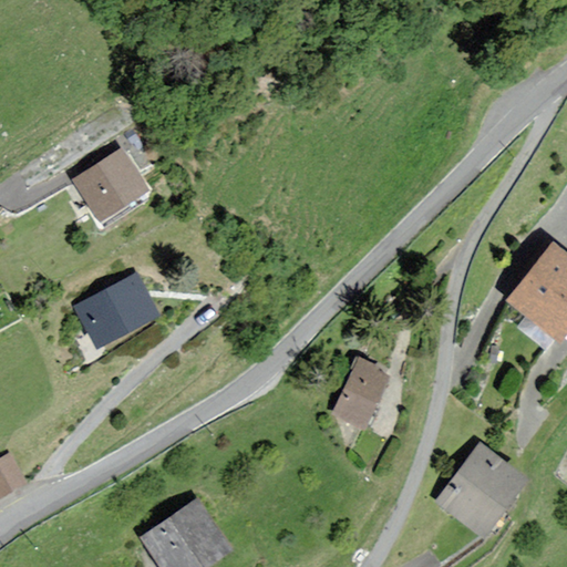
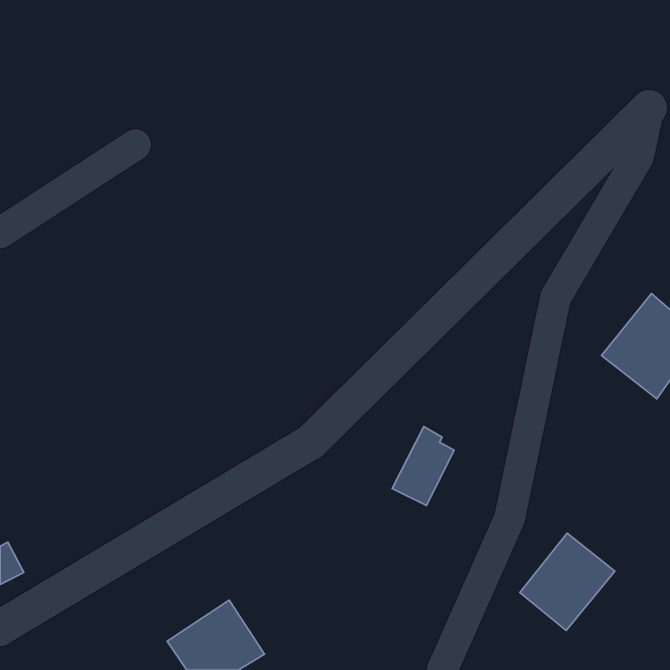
building: [73,152,144,218] -> none
building: [81,274,159,343] -> none

